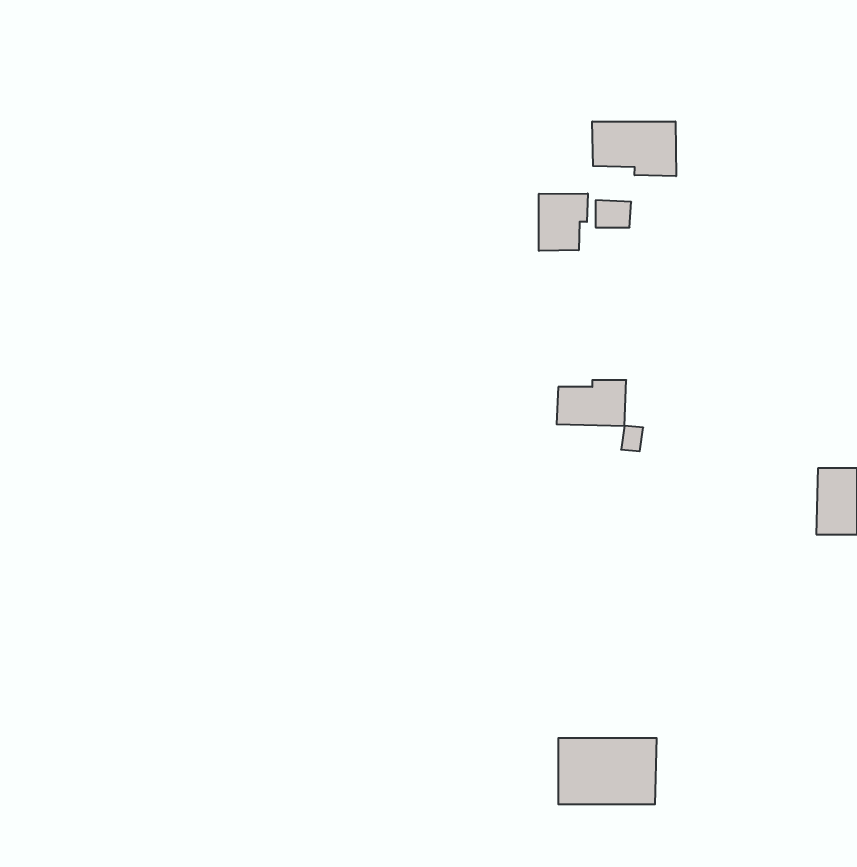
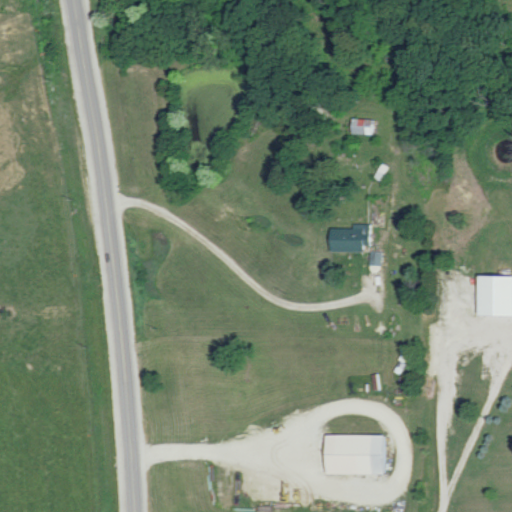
building: [592,121,676,176] -> none
building: [539,193,588,251] -> none

